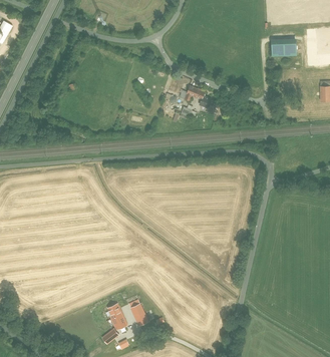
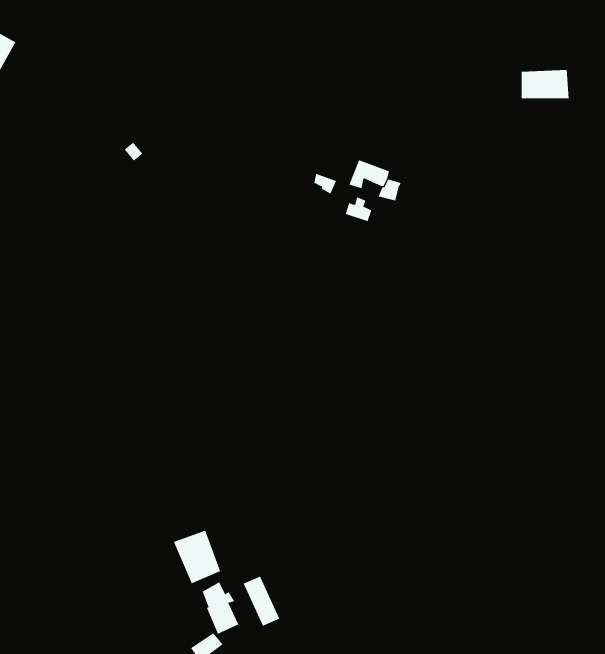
building: none -> [173,530,221,584]

